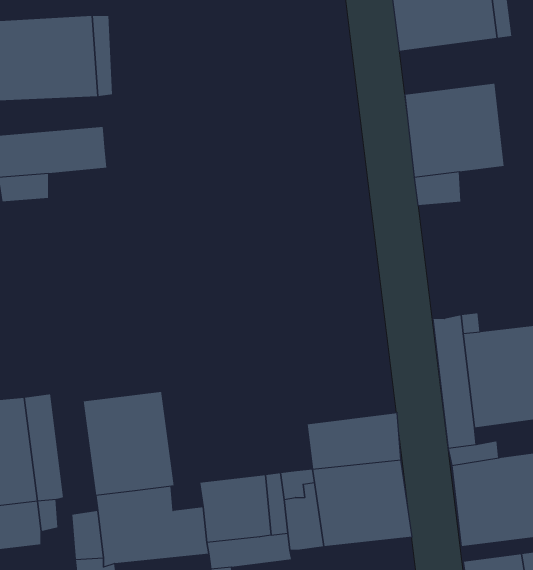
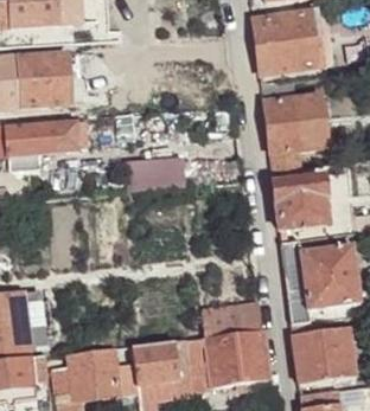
building: none -> [123,156,183,191]
building: none -> [274,178,327,231]
building: [83,391,174,496] -> none

